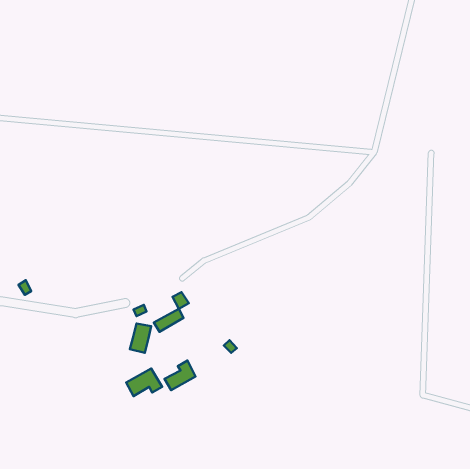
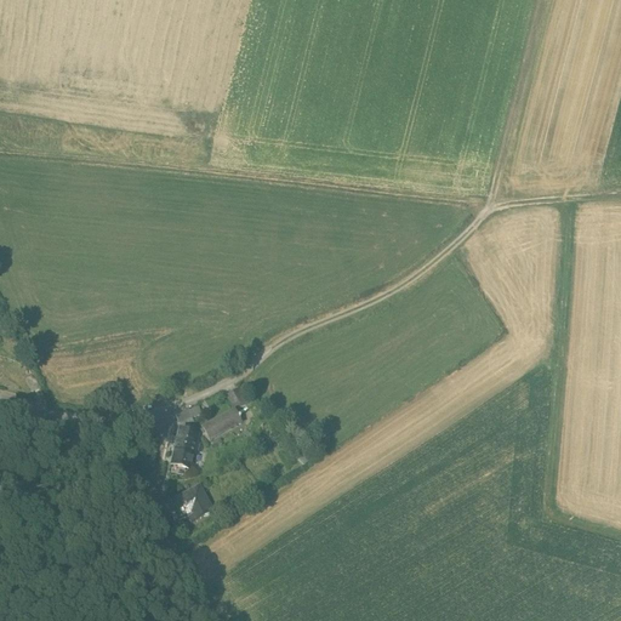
building: [165,361,196,390] -> none

